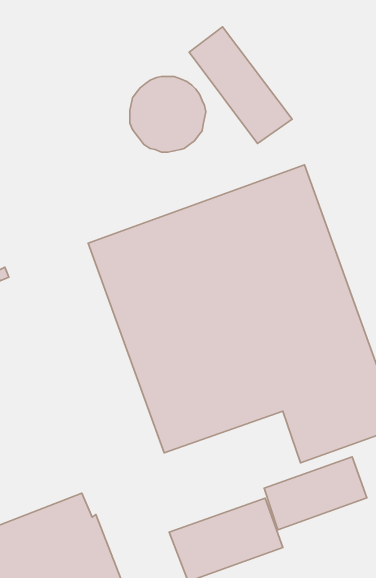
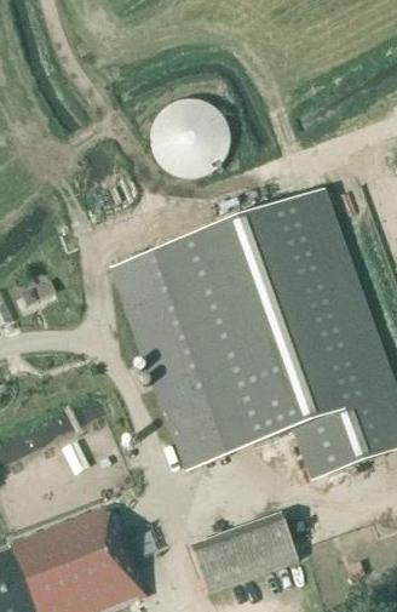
building: [189,27,292,143] -> none
building: [264,457,367,530] -> none

